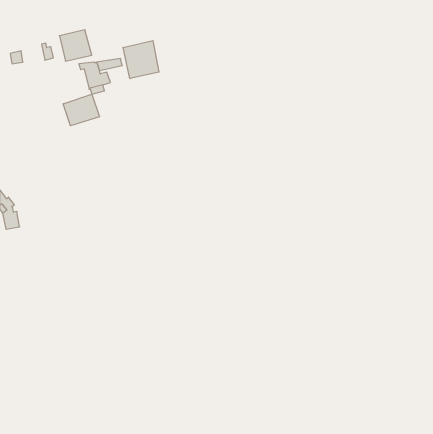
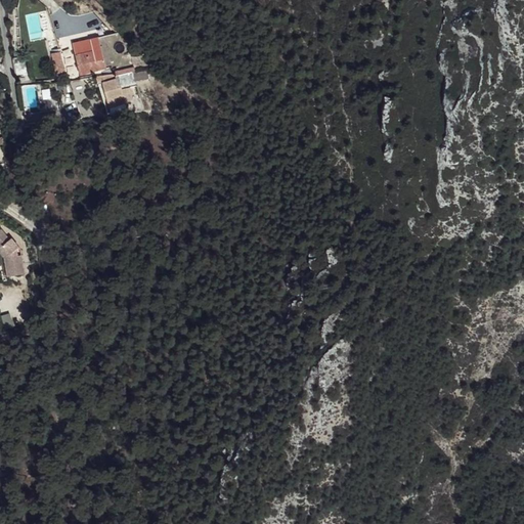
building: [123,41,159,79] -> none
building: [63,94,99,126] -> none

